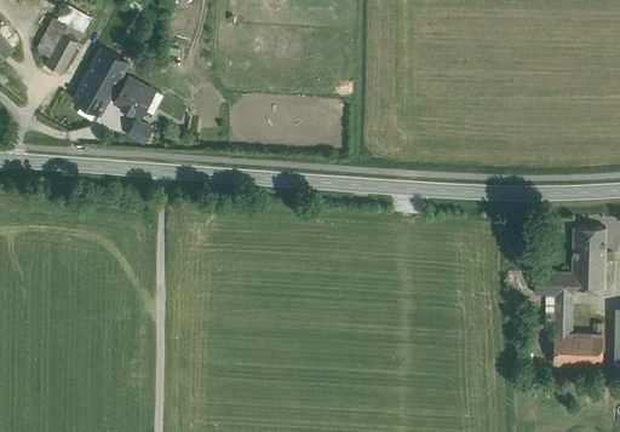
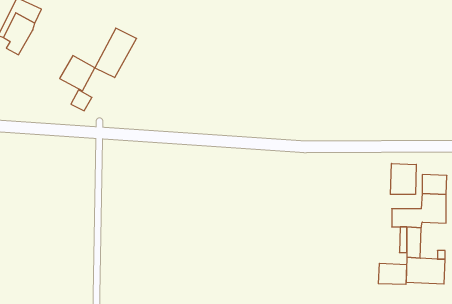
building: [75,50,128,113] -> [95,28,137,78]
building: none -> [390,163,416,194]
building: none -> [378,263,406,284]

